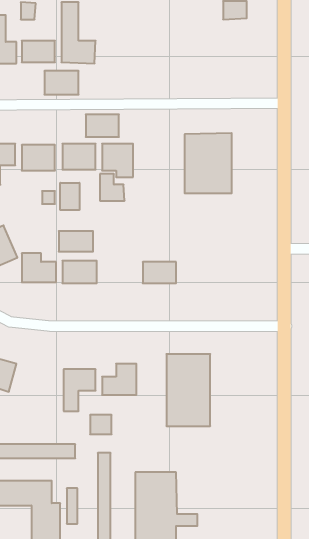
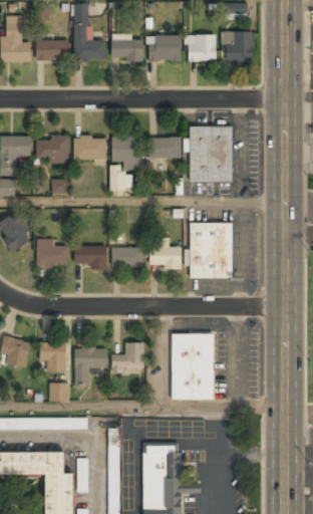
building: none -> [222,32,252,61]
building: none -> [186,35,216,61]
building: none -> [147,36,181,62]
building: [44,71,79,95] -> [111,39,143,61]
building: [86,114,119,137] -> [149,138,181,159]
building: [60,183,79,210] -> none
building: [59,231,93,252] -> [111,248,143,267]
building: none -> [189,223,233,277]
building: none -> [39,342,66,373]
building: [90,415,112,434] -> [49,383,69,402]

